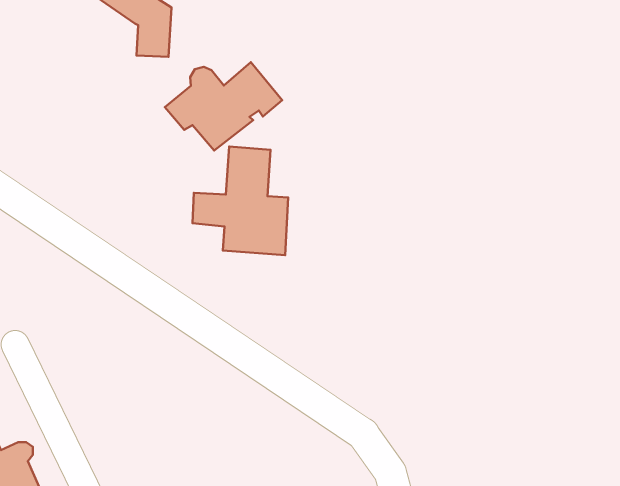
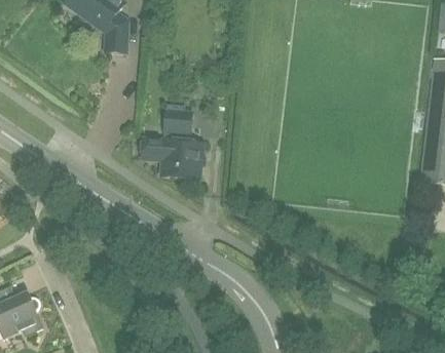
building: [165,62,282,151] -> none

